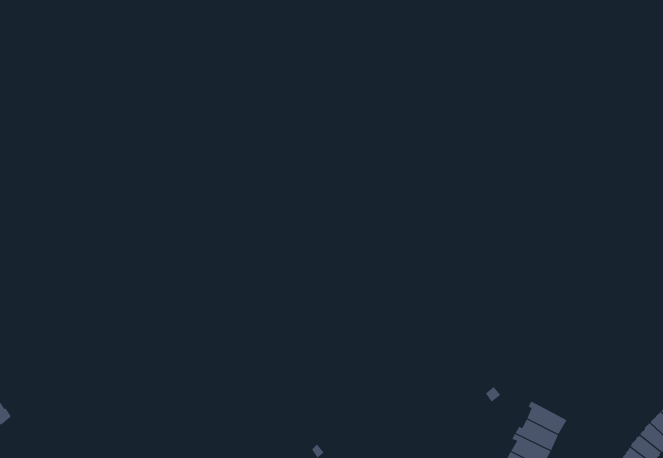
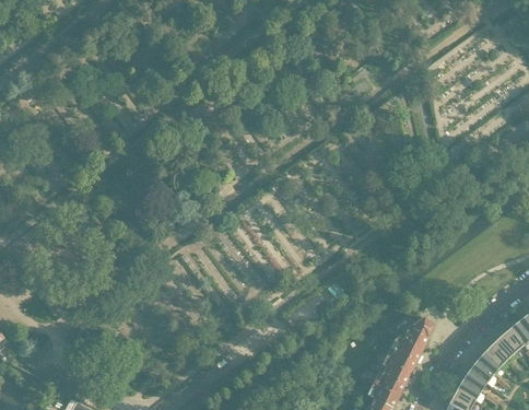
building: none -> [403,317,435,350]

